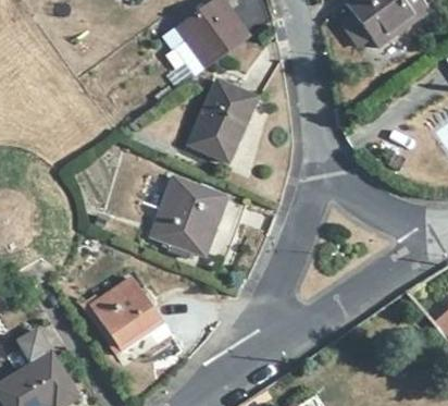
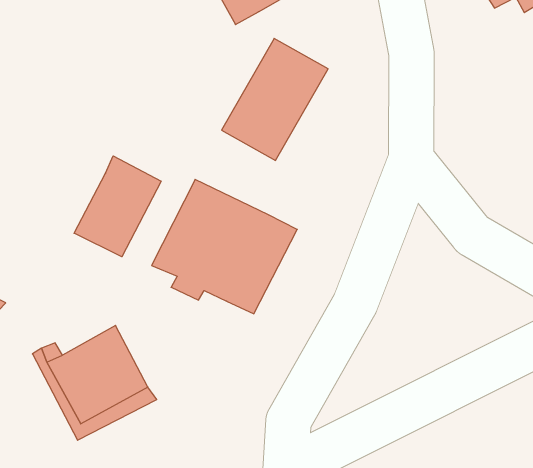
building: none -> [74,156,161,257]

